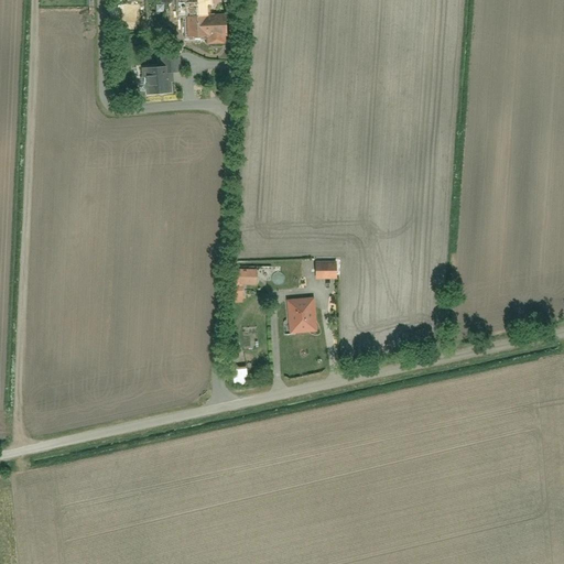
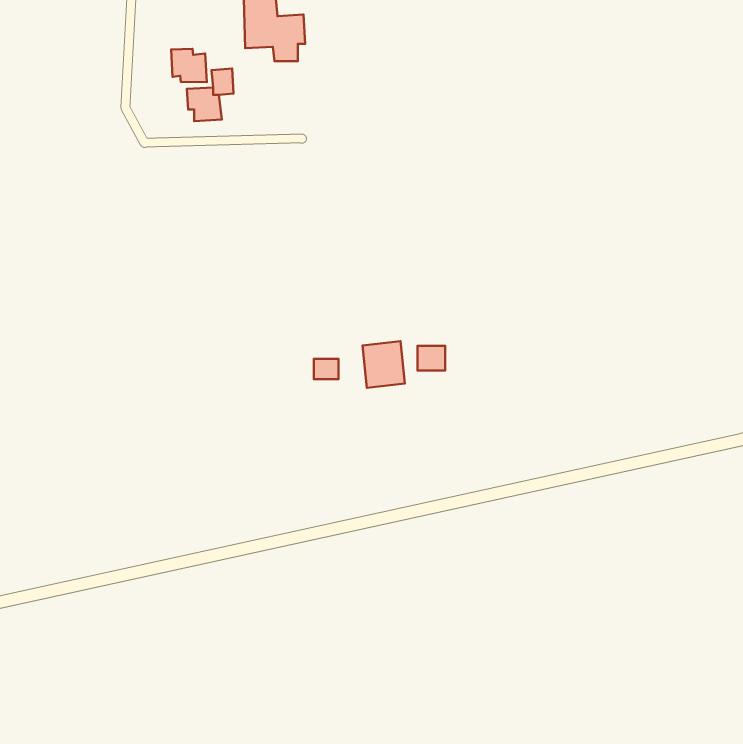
building: none -> [171,49,207,82]
building: [284,297,316,333] -> [362,341,405,388]

